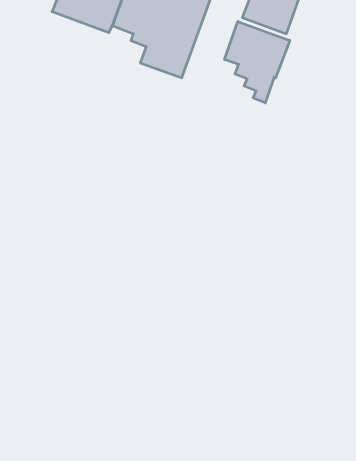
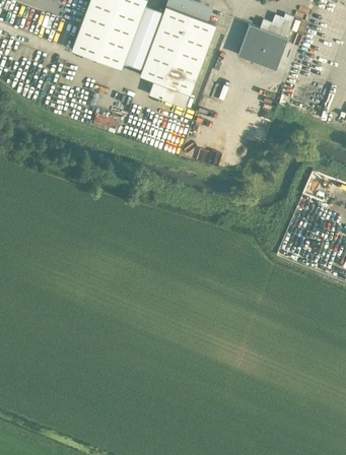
building: [225,21,290,103] -> none

